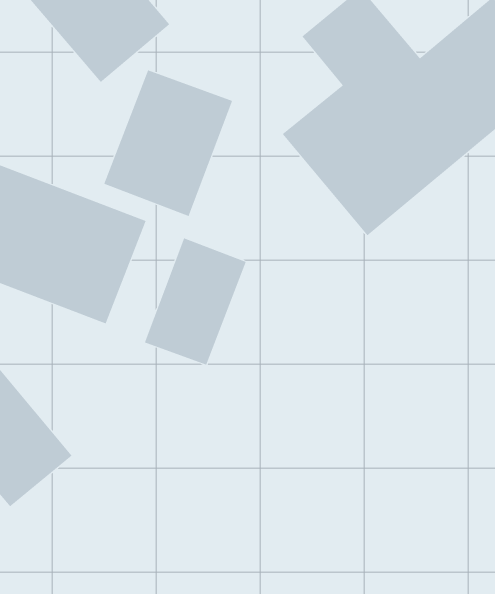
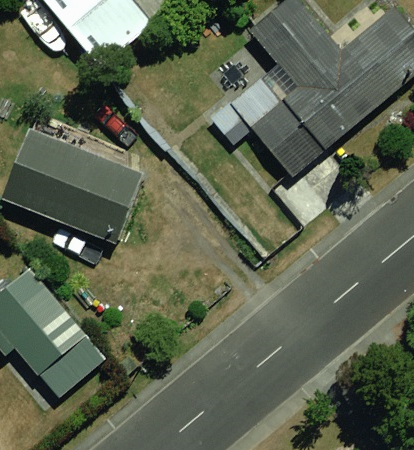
building: [103,69,233,217] -> none
building: [144,238,247,366] -> none

